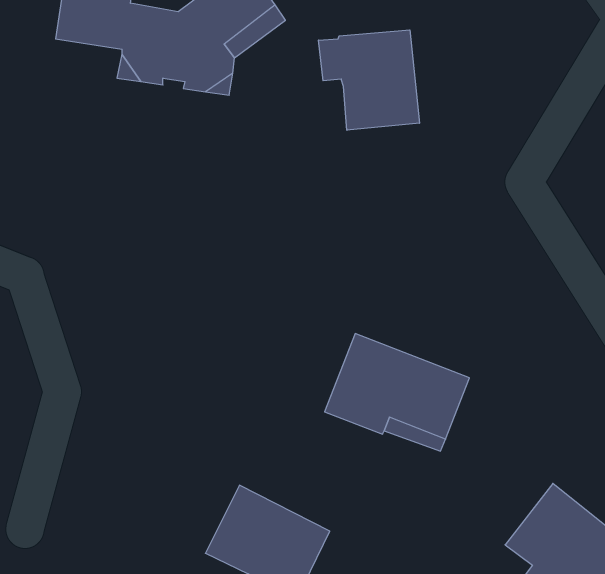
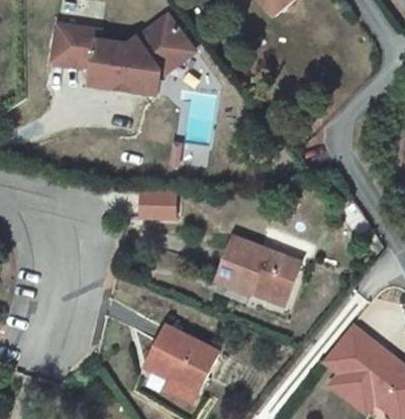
building: [319,30,419,130] -> none
building: none -> [140,190,177,220]

